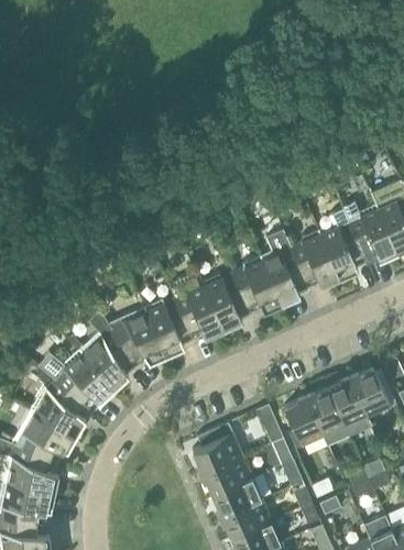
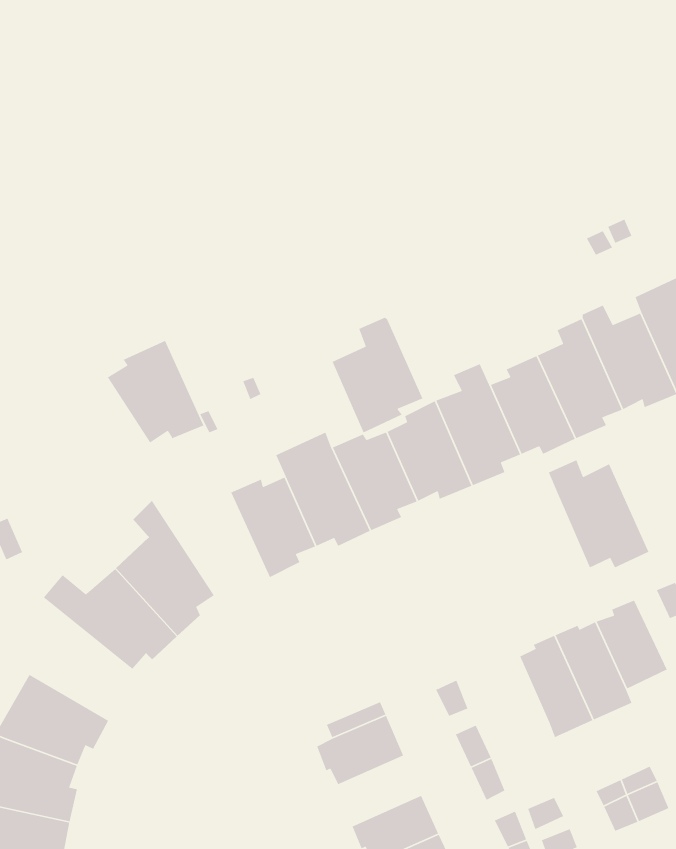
building: none -> [332,317,423,433]
building: none -> [548,459,649,569]
building: [111,308,166,366] -> [107,340,204,443]
building: [31,381,89,437] -> none
building: [283,400,324,449] -> none
building: [205,457,252,496] -> none

